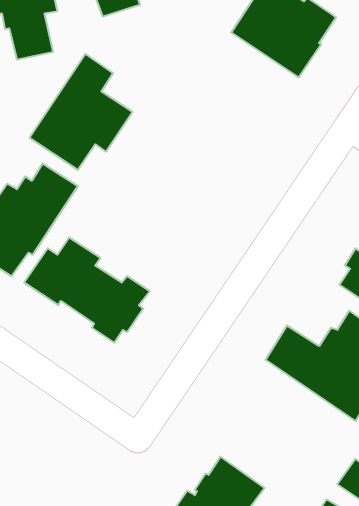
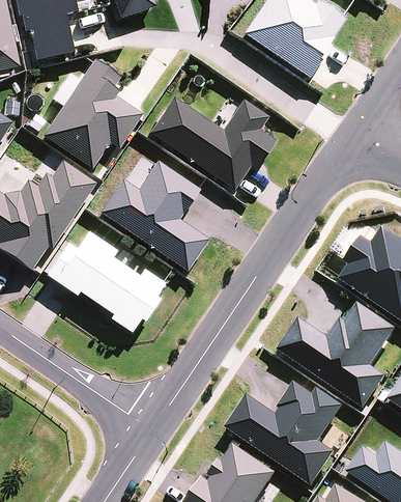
building: none -> [149,96,275,190]
building: none -> [99,160,208,271]
building: none -> [232,383,338,477]

